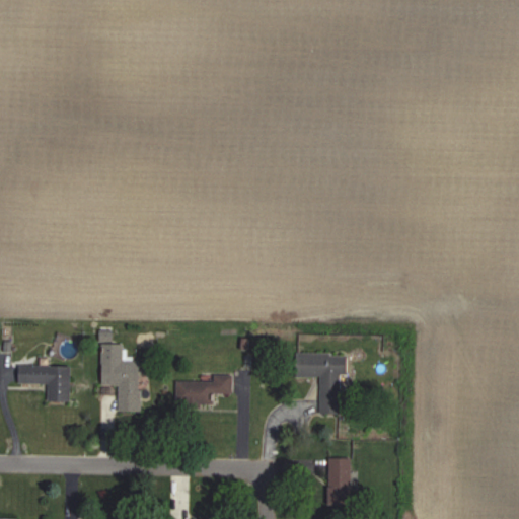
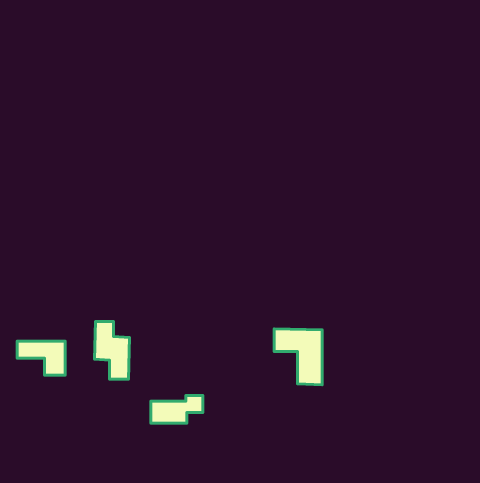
building: [175,375,231,404] -> [151,396,203,423]
building: [328,457,352,506] -> none

